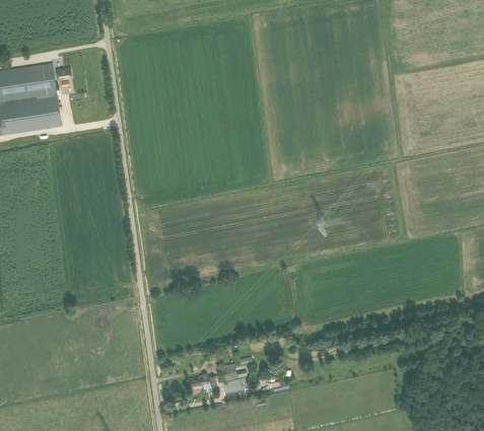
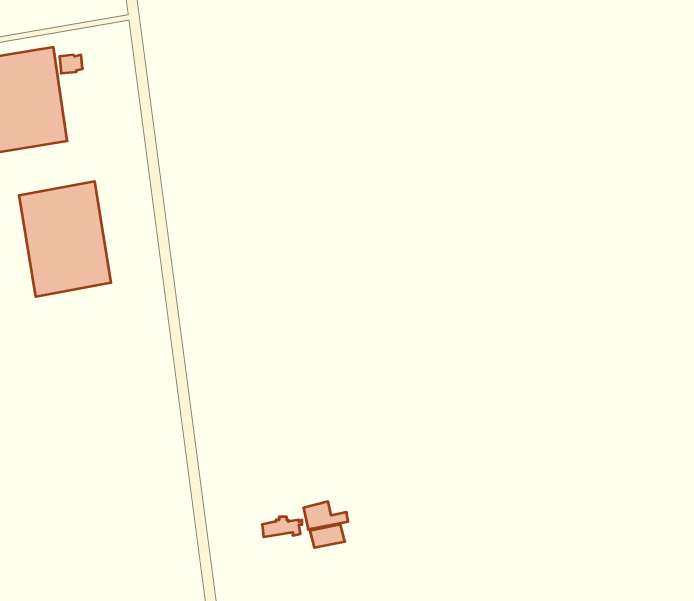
building: none -> [19,181,111,297]

